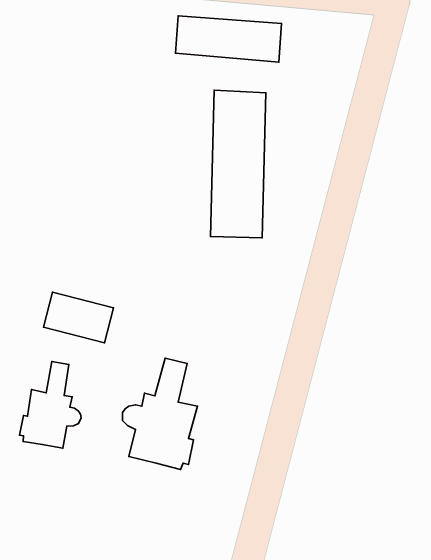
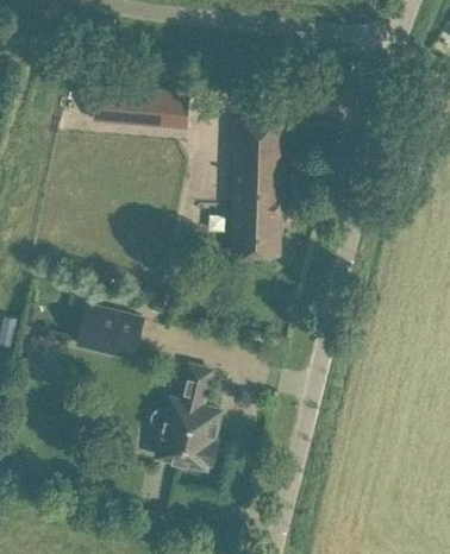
building: [176,16,282,62] -> [93,87,190,130]
building: [19,362,81,448] -> none

